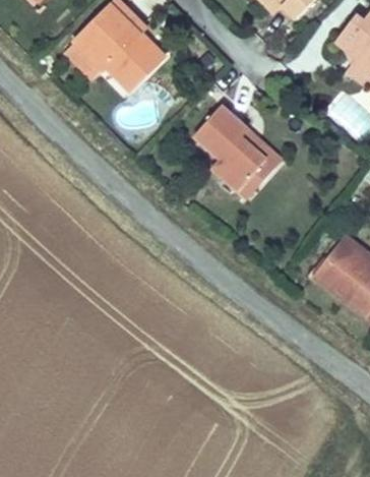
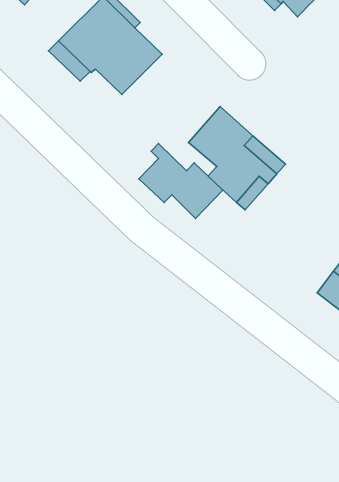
building: none -> [139,143,223,218]

